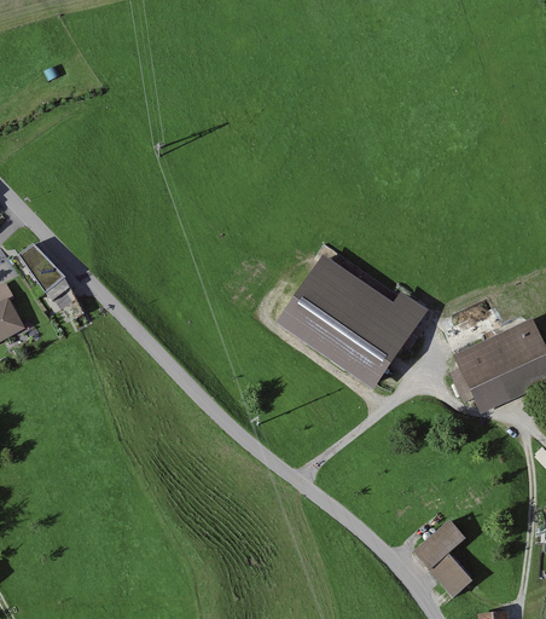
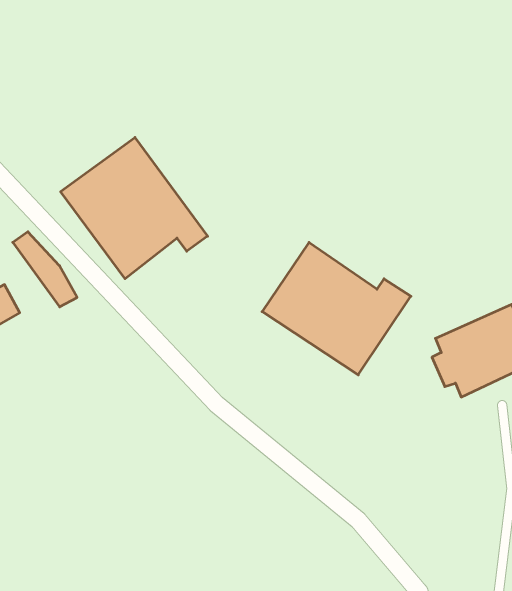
building: none -> [61,137,208,279]
building: [412,519,471,597] -> none

